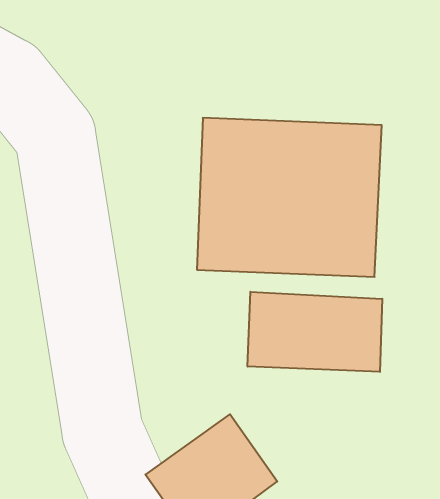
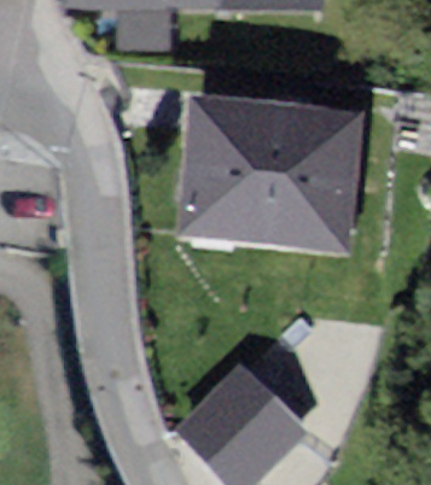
building: [248,292,382,372] -> none

